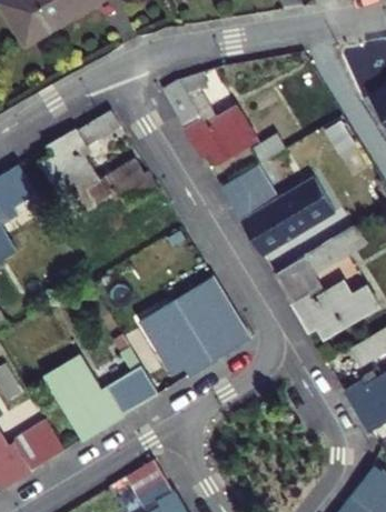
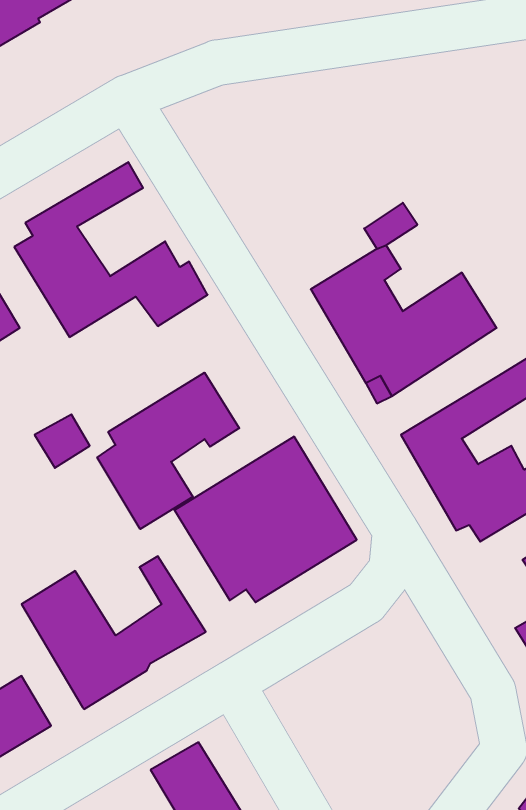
building: [160,66,256,162] -> none
building: none -> [97,373,239,529]

